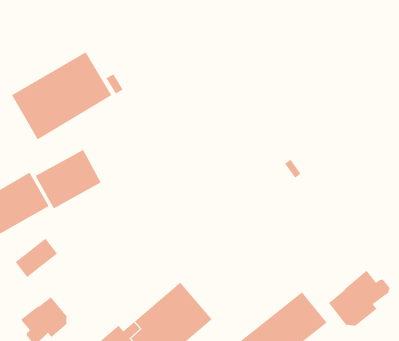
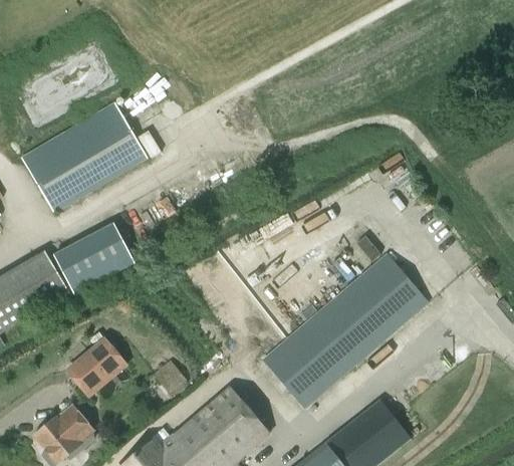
building: none -> [264,253,428,406]
building: [15,238,58,278] -> [67,342,120,392]
building: none -> [153,361,188,397]
building: [328,270,390,326] -> none

